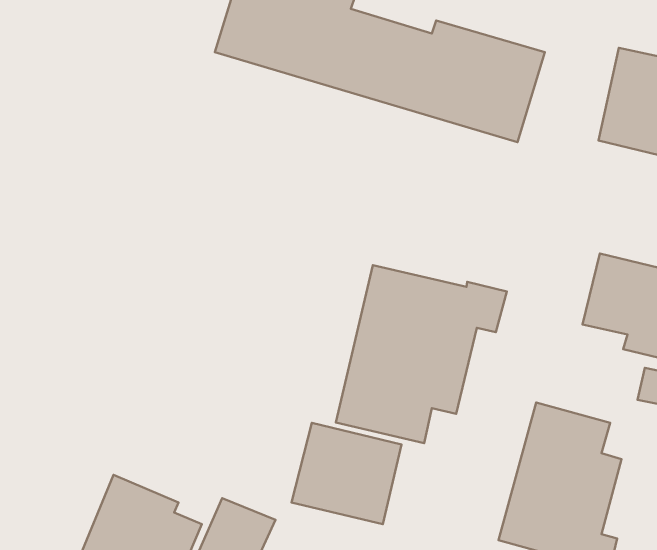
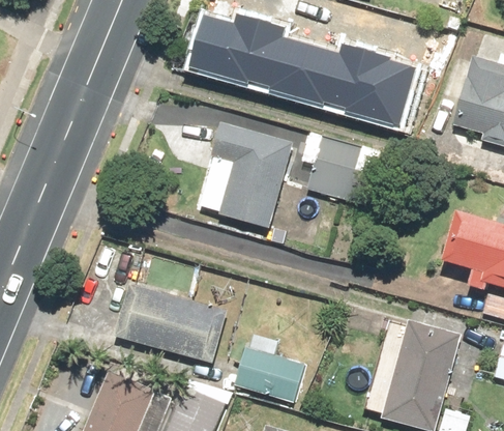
building: none -> [197,119,294,228]
building: none -> [308,135,373,201]
building: [336,265,507,443] -> none
building: none -> [119,286,228,365]

